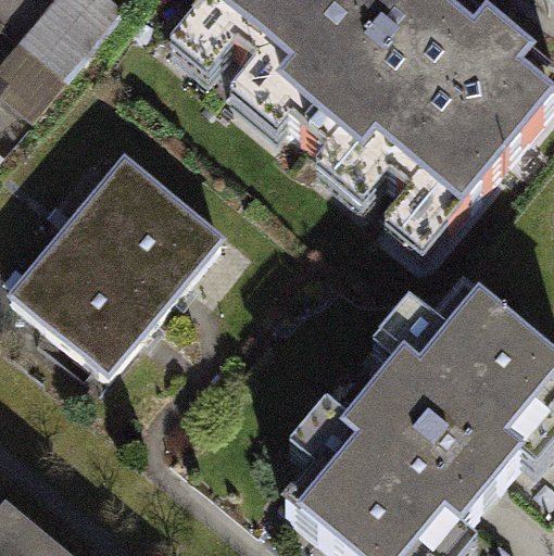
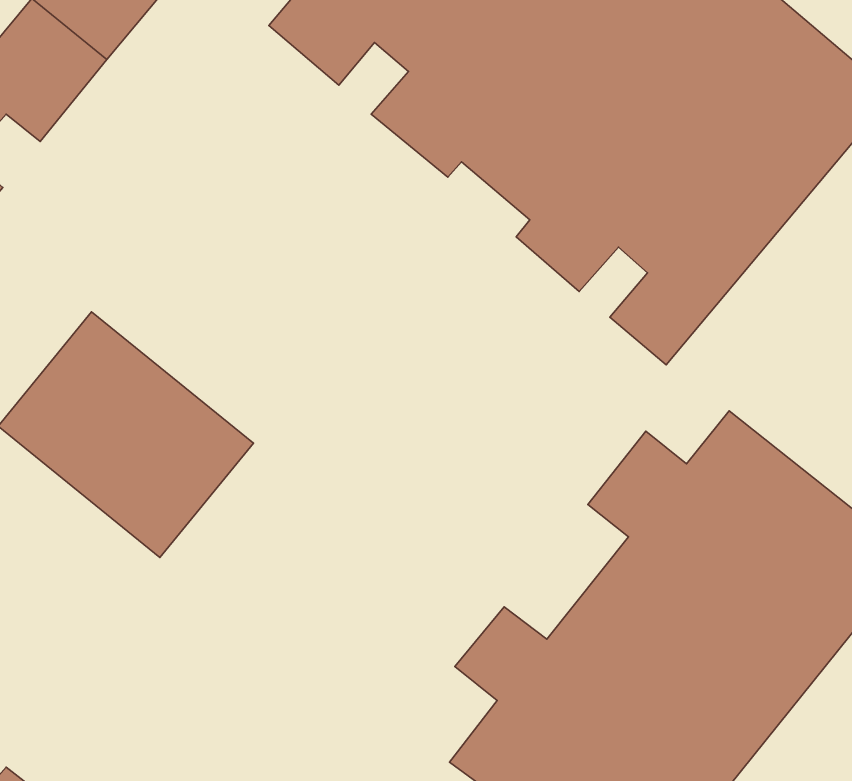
building: [60,163,223,319] -> none

